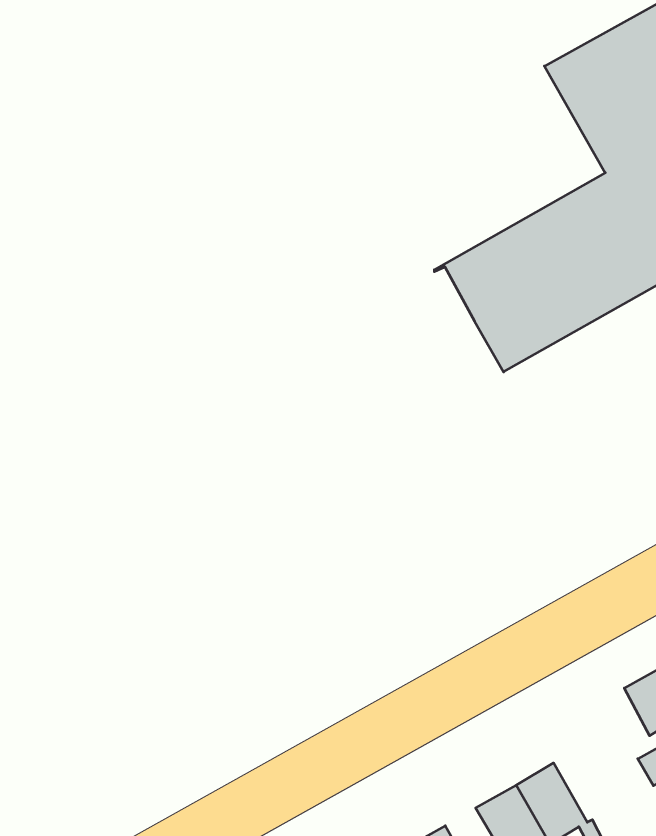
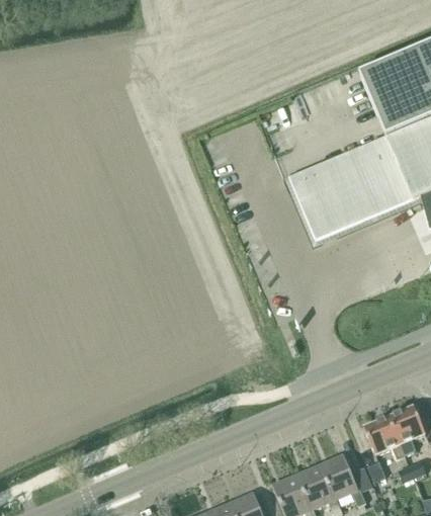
building: none -> [320,453,367,505]

